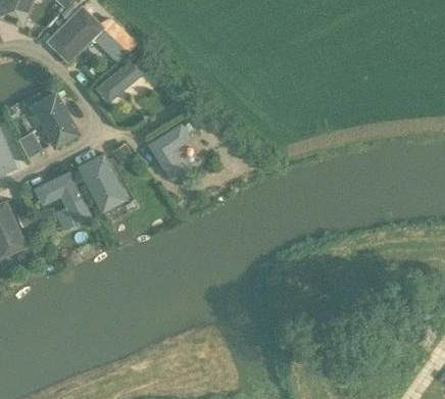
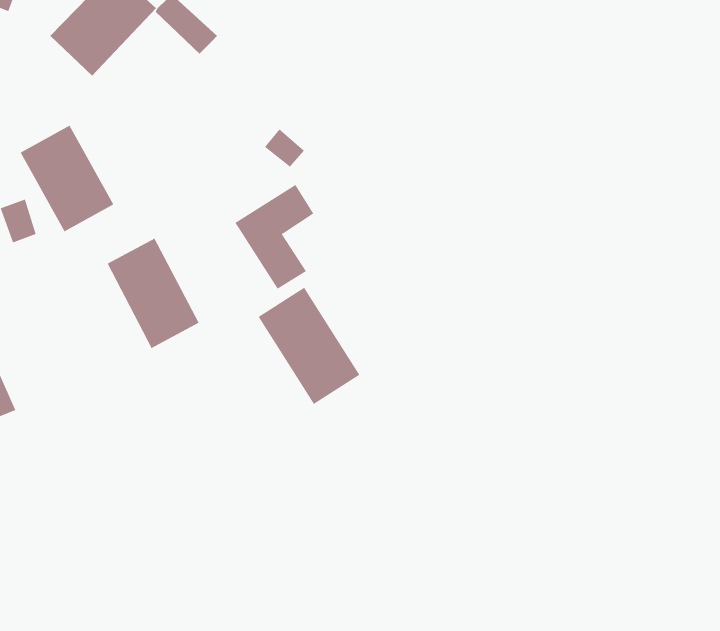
building: [95,54,147,103] -> none
building: [33,171,92,227] -> none
building: none -> [258,287,360,405]

